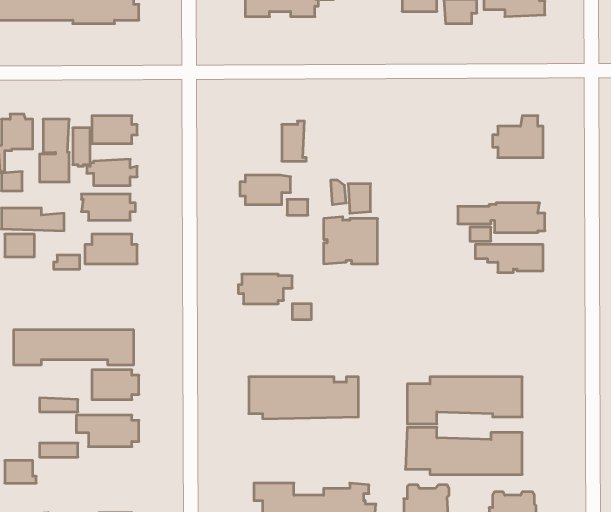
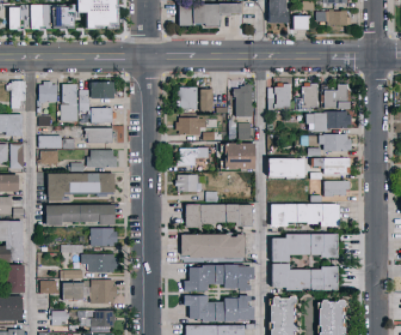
building: none -> [268,82,290,110]
building: none -> [295,82,317,110]
building: none -> [233,83,255,116]
building: none -> [176,86,197,108]
building: none -> [306,110,351,130]
building: none -> [177,147,208,164]
building: none -> [261,157,299,176]
building: none -> [48,174,115,202]
building: none -> [324,181,350,197]
building: none -> [185,203,252,226]
building: none -> [271,203,339,225]
building: none -> [184,263,253,290]
building: none -> [63,280,117,304]

